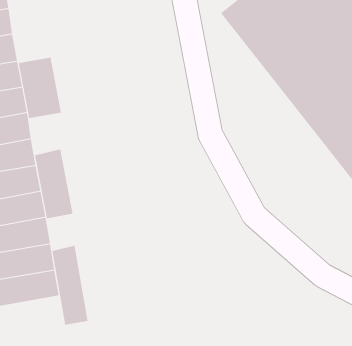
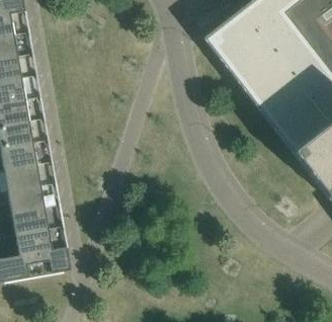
building: [18,57,61,119] -> none
building: [34,148,73,219] -> none
building: [52,245,88,325] -> none

